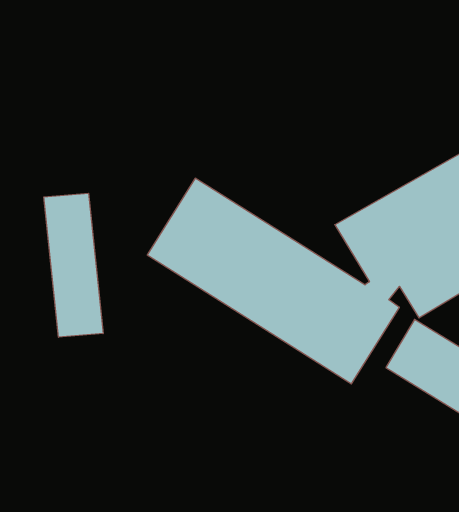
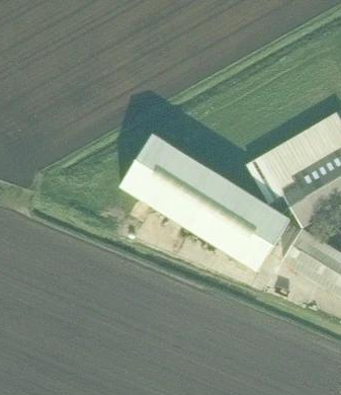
building: [44,193,103,337] -> none

